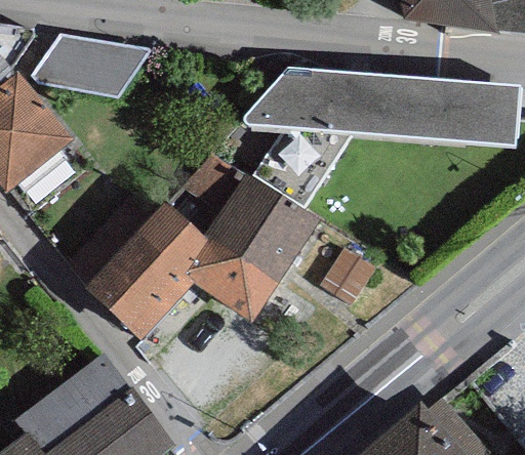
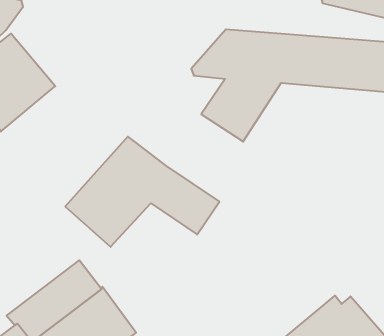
building: [31,33,150,96] -> none
building: [172,153,319,279] -> none

